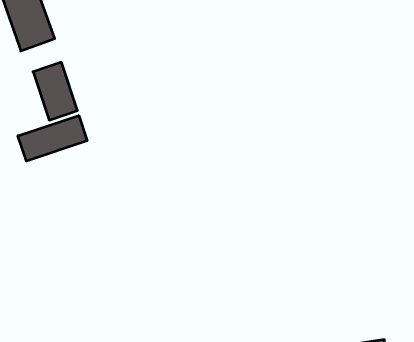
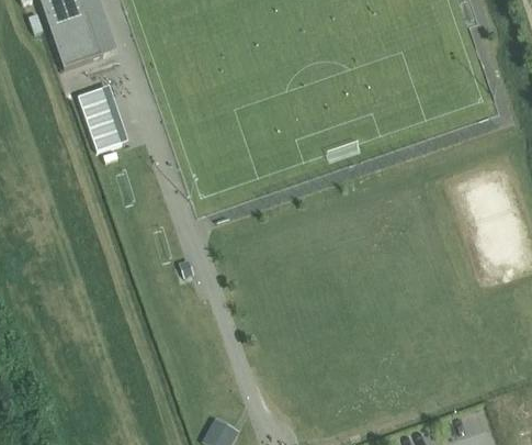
building: [18,116,87,161] -> none

